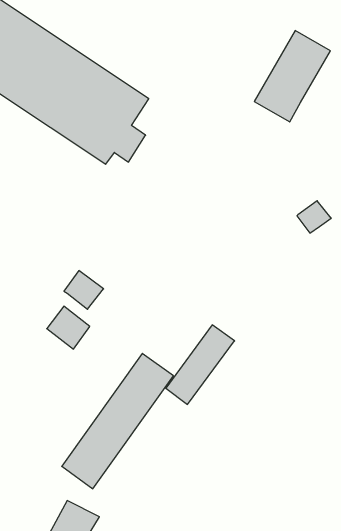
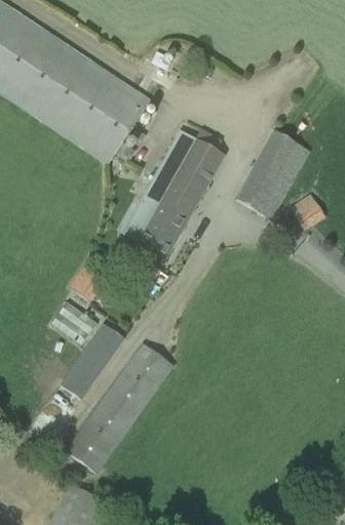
building: [254,31,330,122] -> [236,131,309,218]
building: none -> [121,128,222,259]
building: [166,325,235,404] -> [60,321,125,397]

